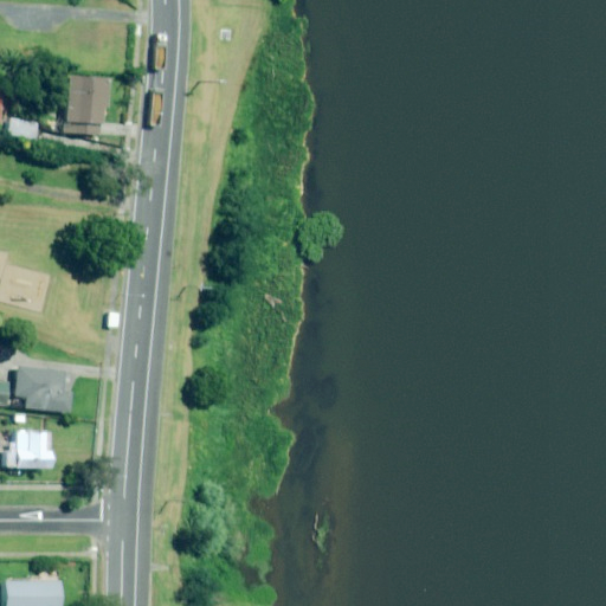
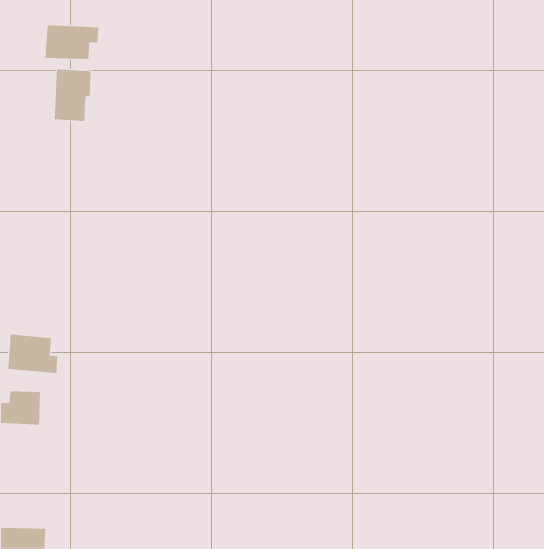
building: none -> [45,25,99,60]
building: [12,114,43,137] -> none

